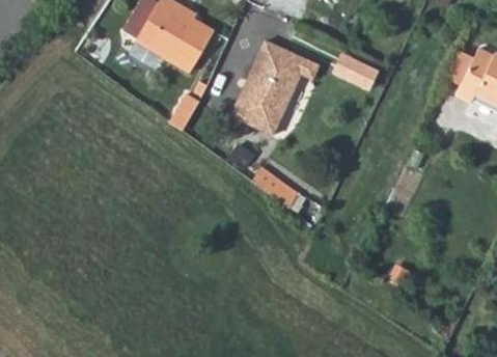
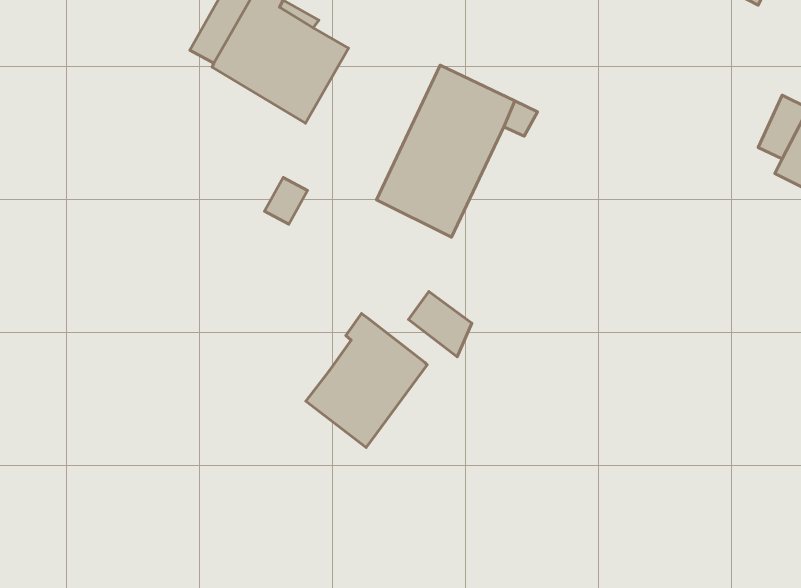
building: [333,55,378,91] -> none
building: none -> [306,313,427,448]

